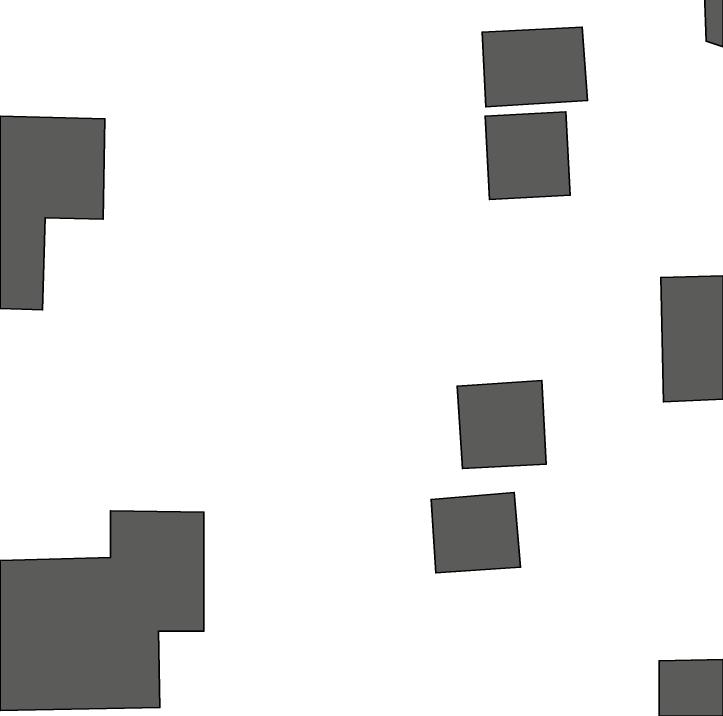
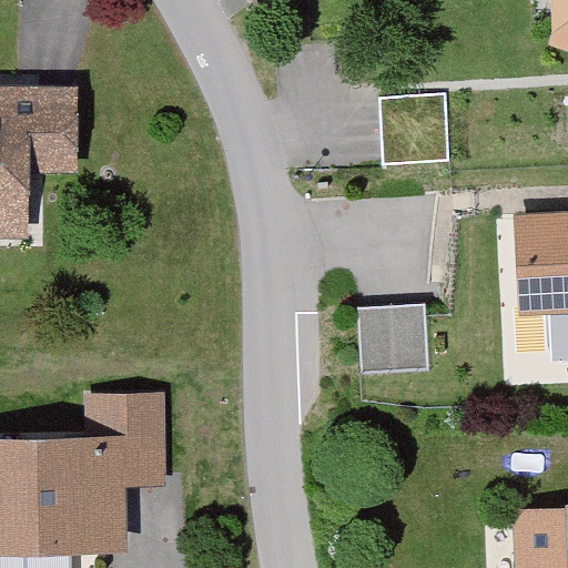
building: [482,27,587,107] -> none
building: [431,493,520,573] -> none

